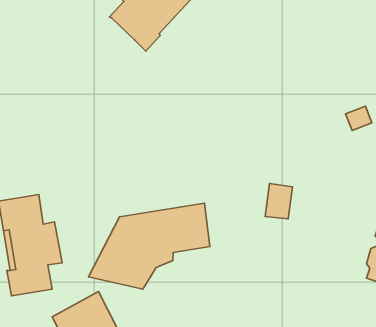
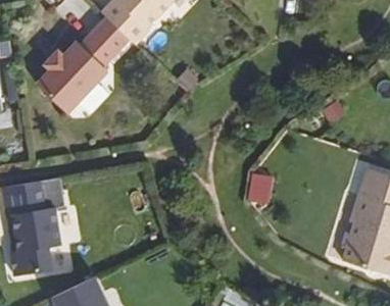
building: none -> [36,18,128,114]
building: [89,203,210,289] -> none

